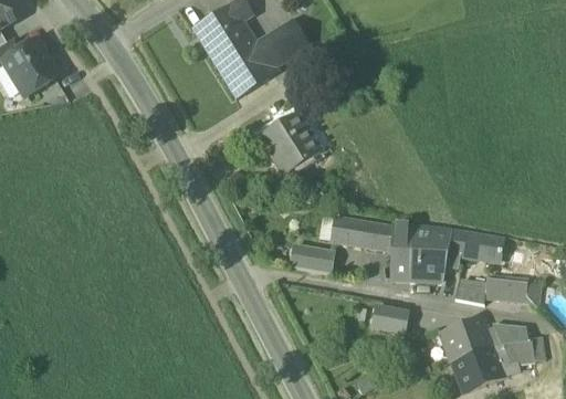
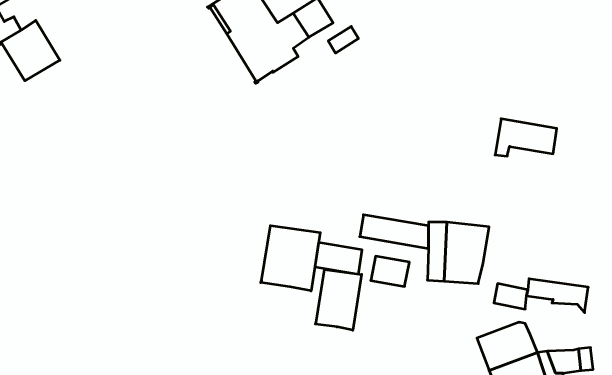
building: [259,111,321,171] -> none
building: none -> [261,226,320,291]
building: [443,228,500,262] -> [495,119,557,156]
building: none -> [315,270,362,330]
building: [370,303,406,330] -> [371,256,409,286]
building: [486,323,526,343] -> none

